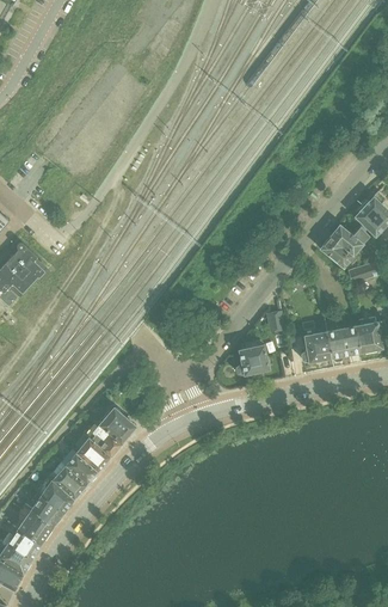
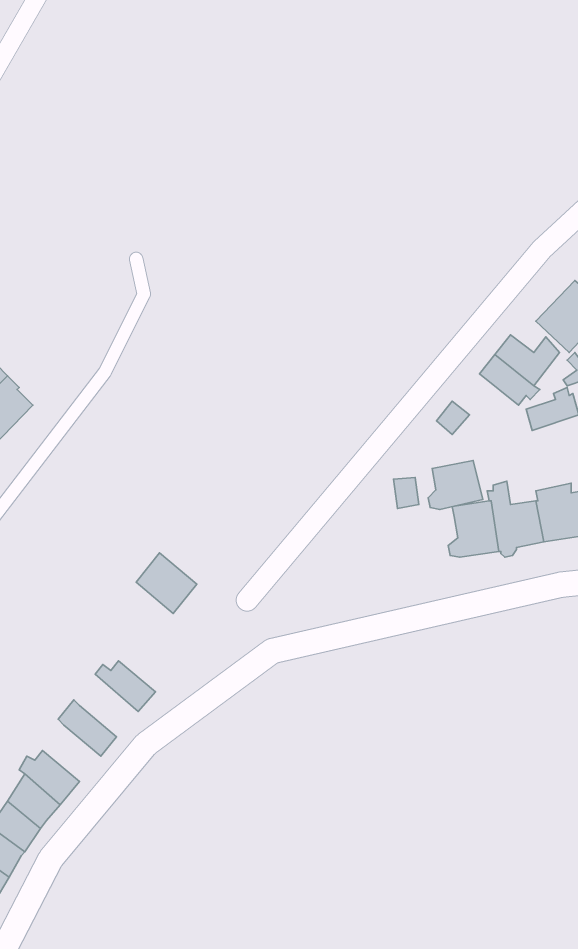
building: [235,344,269,374] -> [428,461,483,509]
building: [98,406,135,443] -> [136,553,197,613]
building: [74,433,110,471] -> none
building: [51,464,87,498] -> none

